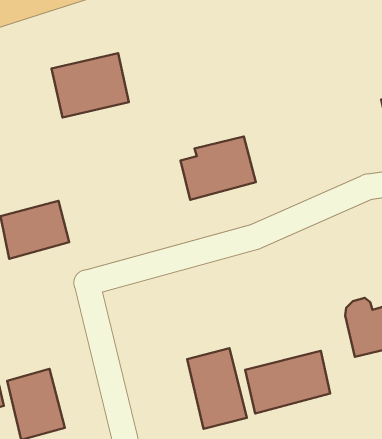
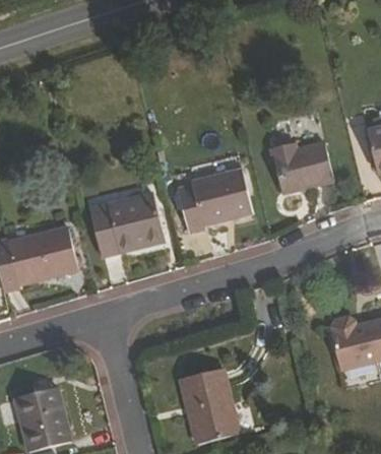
building: [52,53,129,118] -> [90,194,163,254]
building: none -> [265,144,327,194]
building: [245,351,330,413] -> none

